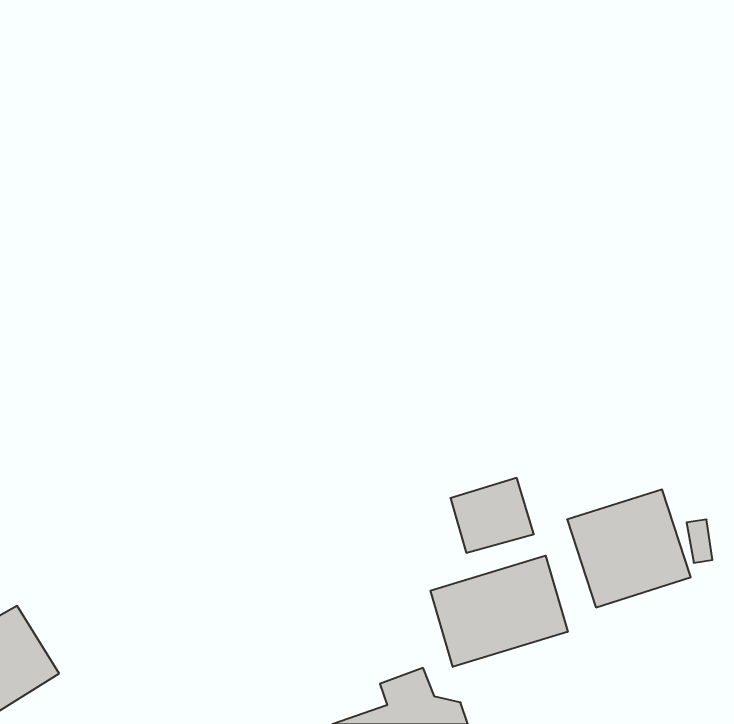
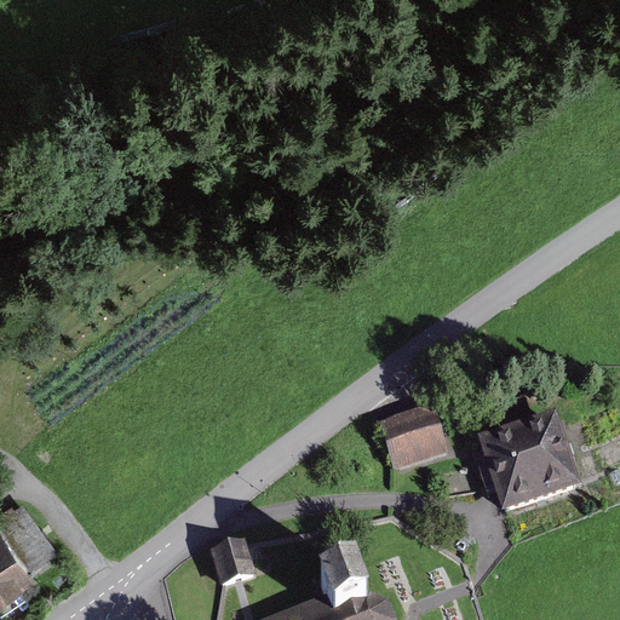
building: [431,556,568,667] -> none
building: none -> [212,536,257,582]

